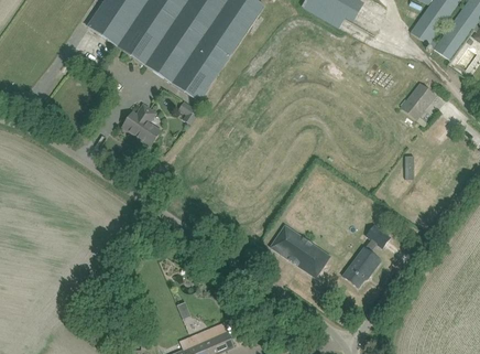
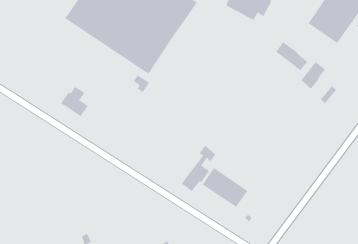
building: none -> [276,41,308,71]
building: [123,104,161,144] -> [60,86,88,117]
building: [342,224,390,287] -> [181,145,216,192]

